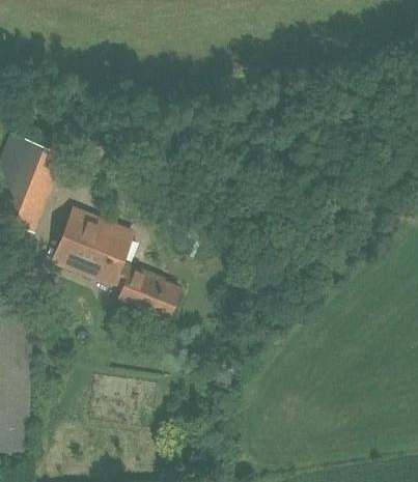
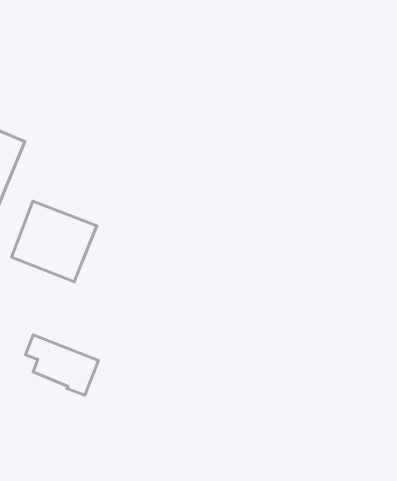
building: [113,262,180,318] -> [25,335,98,395]

